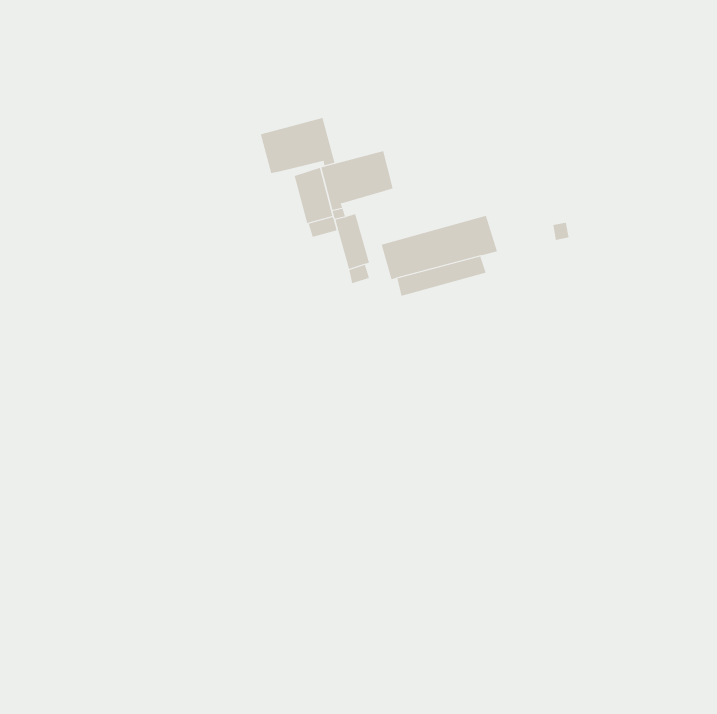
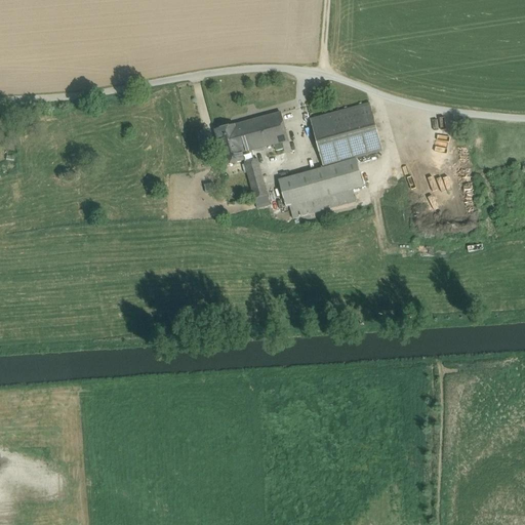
building: [260,117,335,174] -> none
building: none -> [310,102,381,164]

